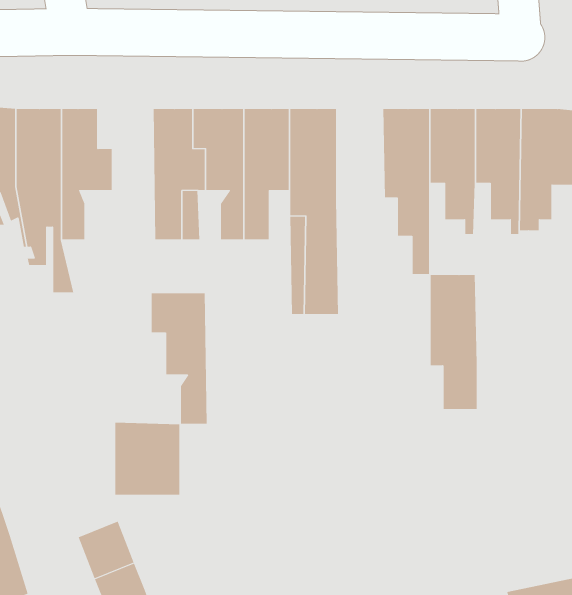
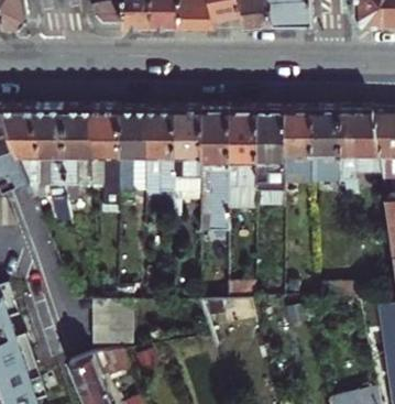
building: [430,275,477,410] -> [229,109,257,190]
building: [151,293,207,424] -> [85,109,119,188]

